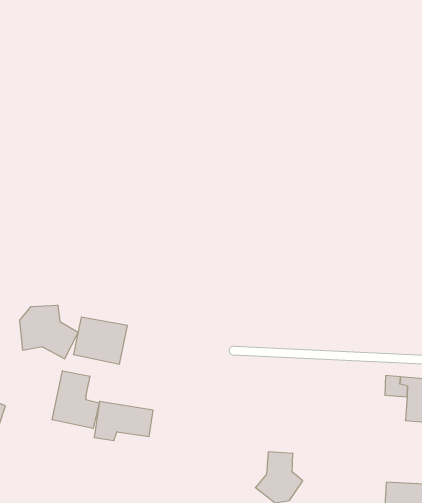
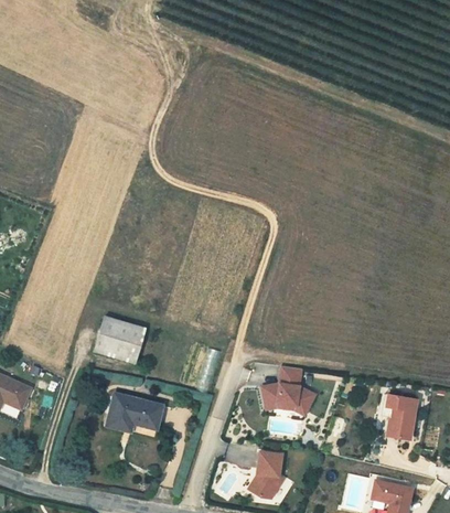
building: [20,305,78,359] -> none
building: none -> [257,365,319,414]
building: [52,371,99,429] -> none

